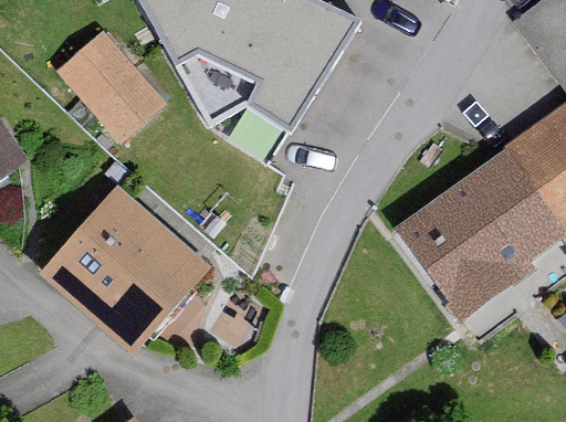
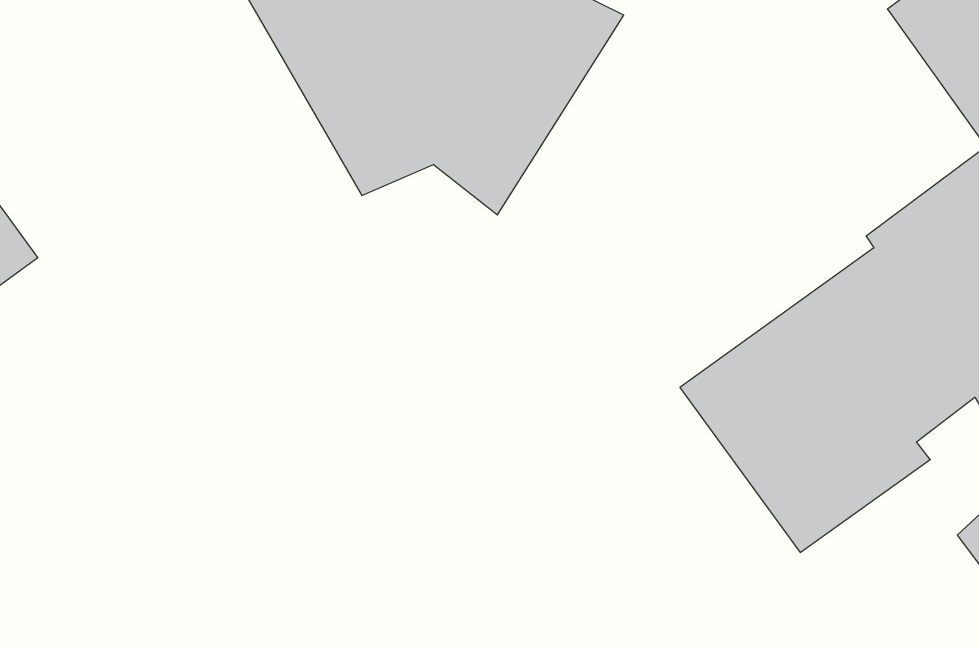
building: [59,25,164,133] -> none
building: [43,182,212,349] -> none

